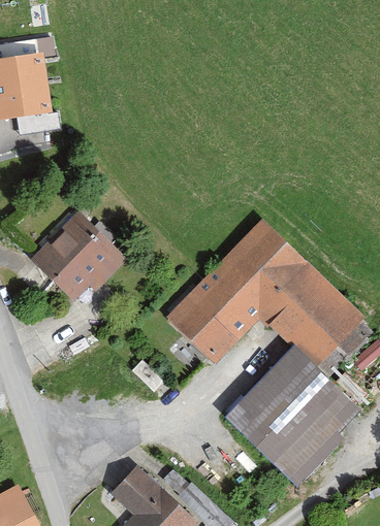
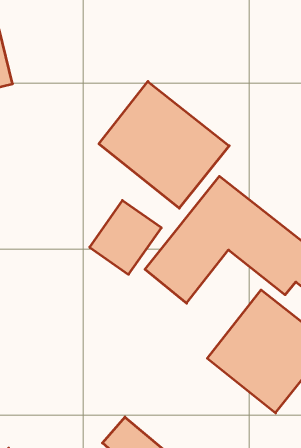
building: none -> [99,81,229,208]
building: [37,213,114,291] -> [90,200,161,274]

